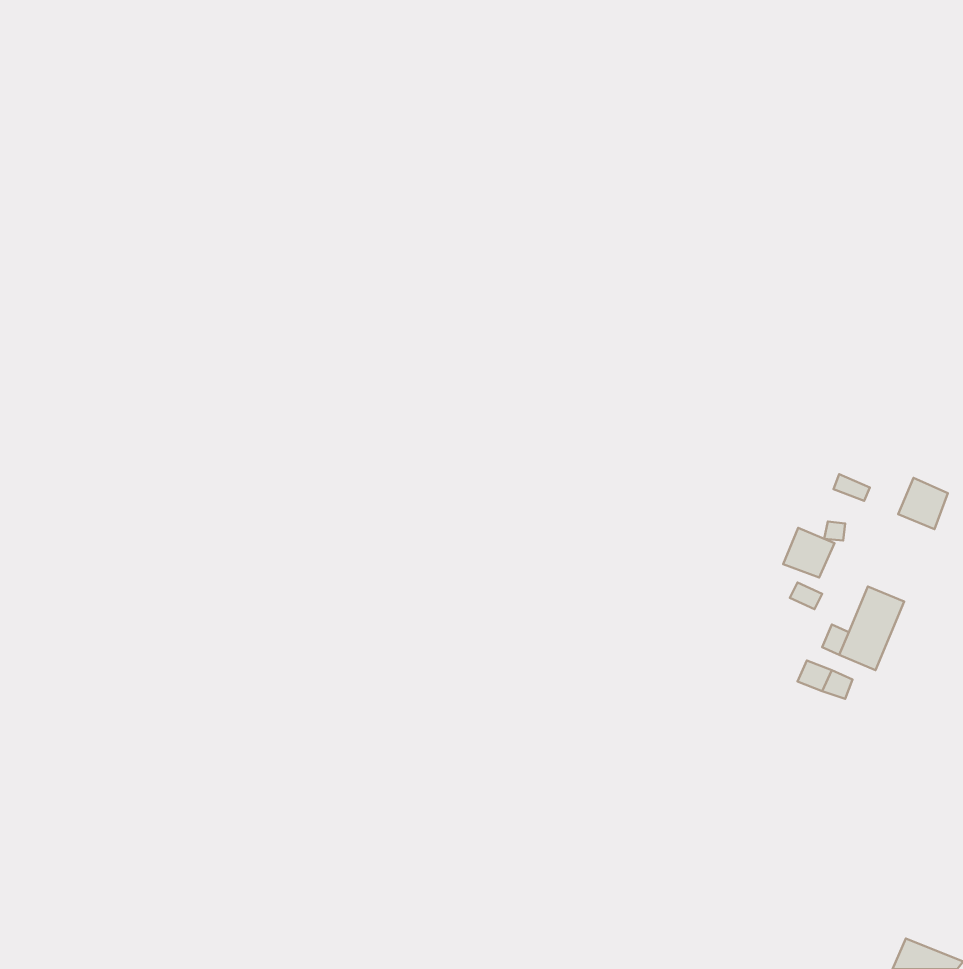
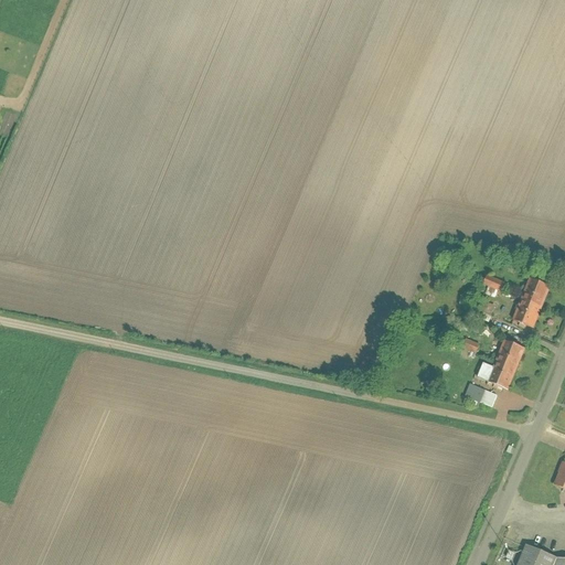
building: [783,528,834,577] -> [512,298,542,327]

